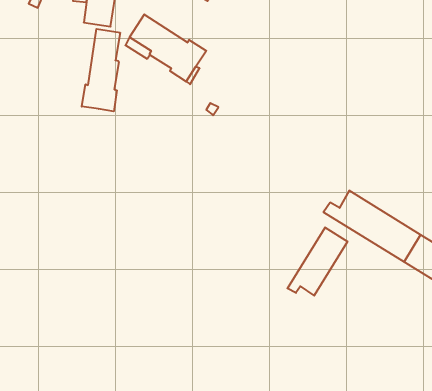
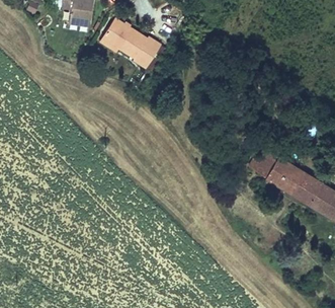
building: [82,29,120,111] -> none
building: [287,227,347,296] -> none

